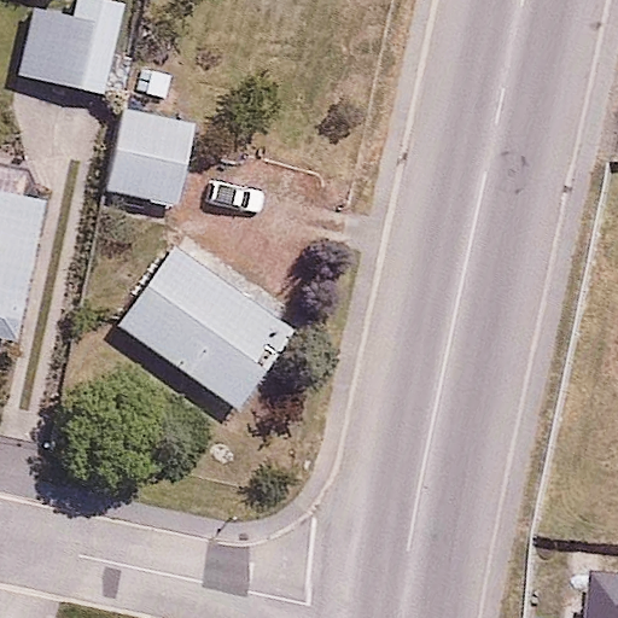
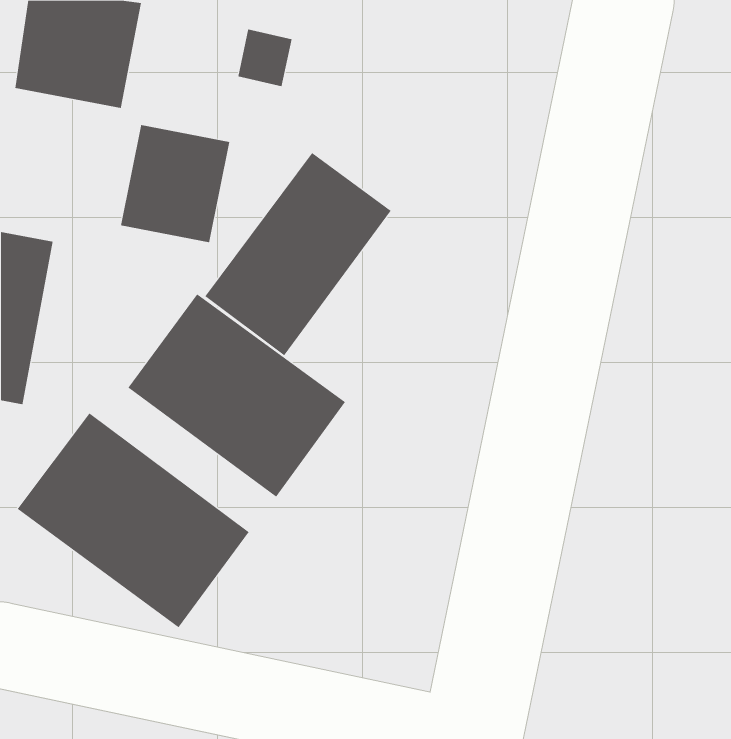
building: none -> [204,152,392,356]
building: none -> [17,412,249,628]

